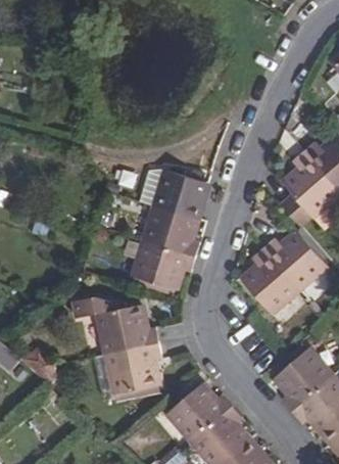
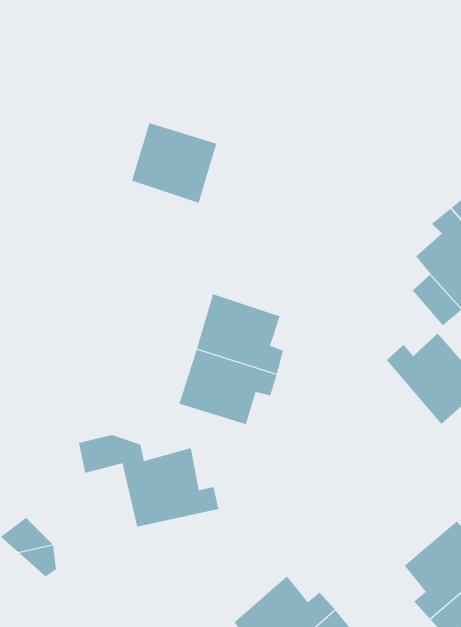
building: [153,170,207,221] -> [131,122,217,203]
building: [240,248,297,313] -> none
building: [105,342,160,395] -> none

